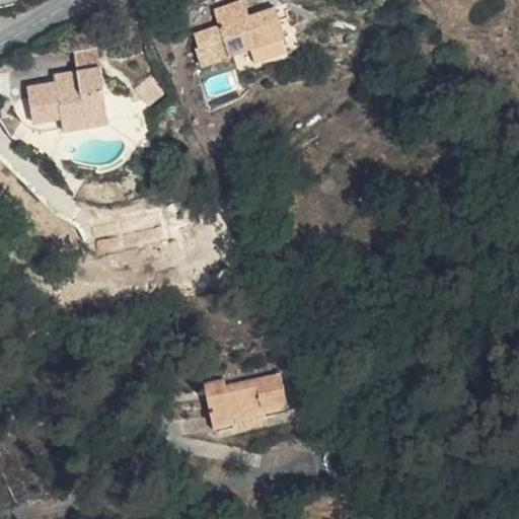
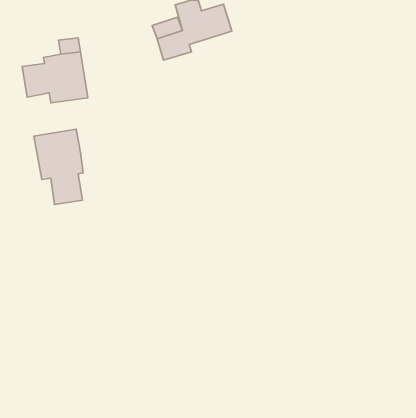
building: none -> [34,129,83,205]
building: [204,373,287,429] -> none

